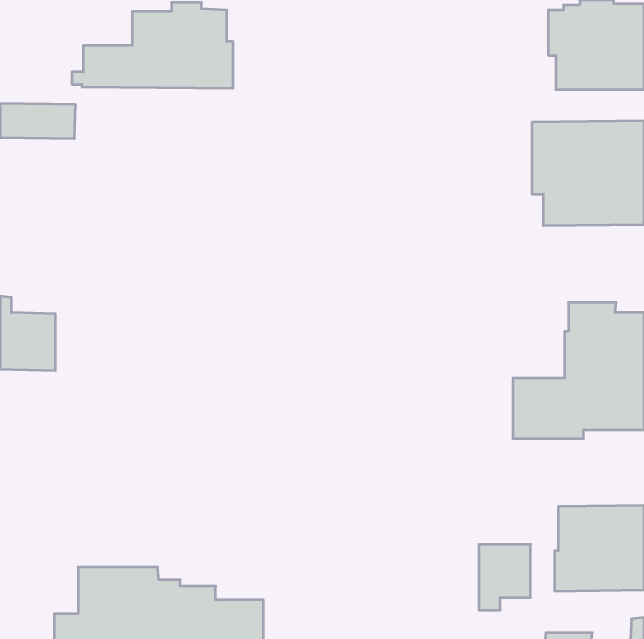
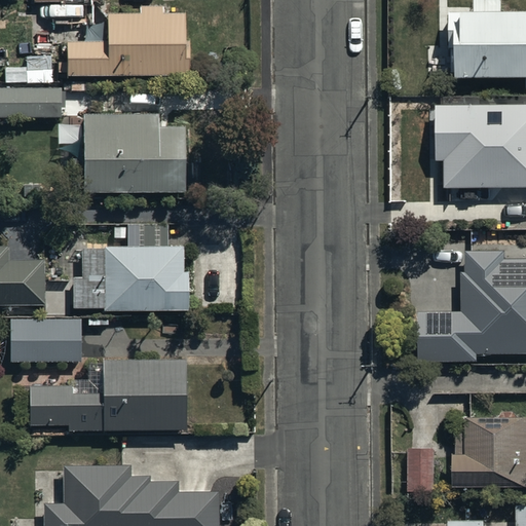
building: none -> [62,114,185,191]
building: none -> [73,226,189,310]
building: none -> [10,321,80,362]
building: none -> [30,359,185,430]

